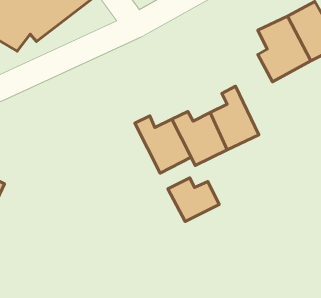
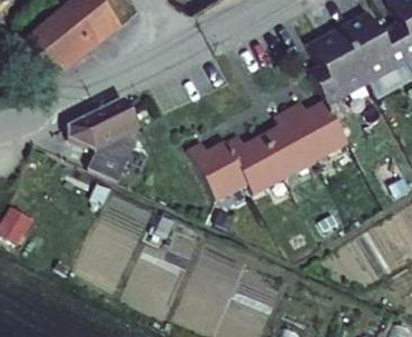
building: none -> [72,97,144,176]
building: none -> [284,103,342,161]
building: [168,178,219,222] -> none

